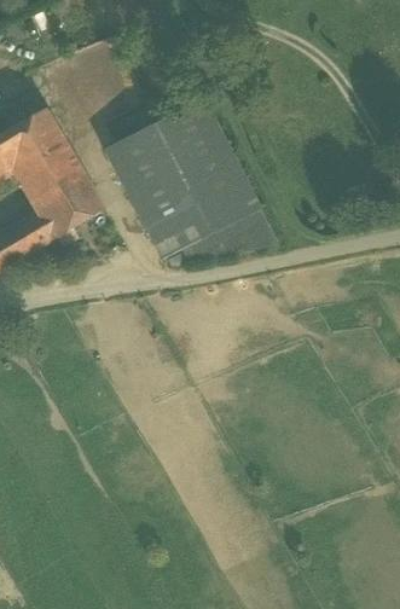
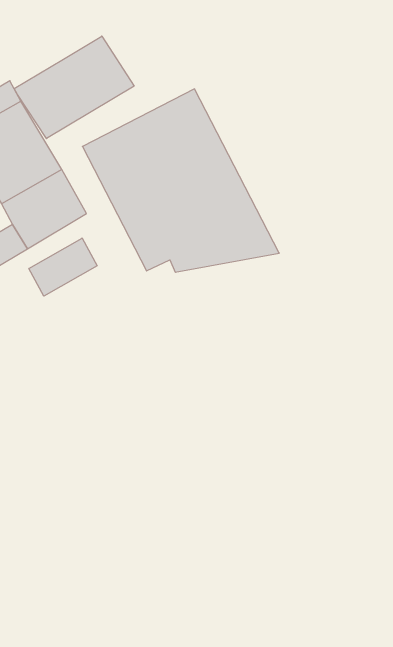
building: none -> [14,36,134,139]
building: none -> [29,238,97,296]

